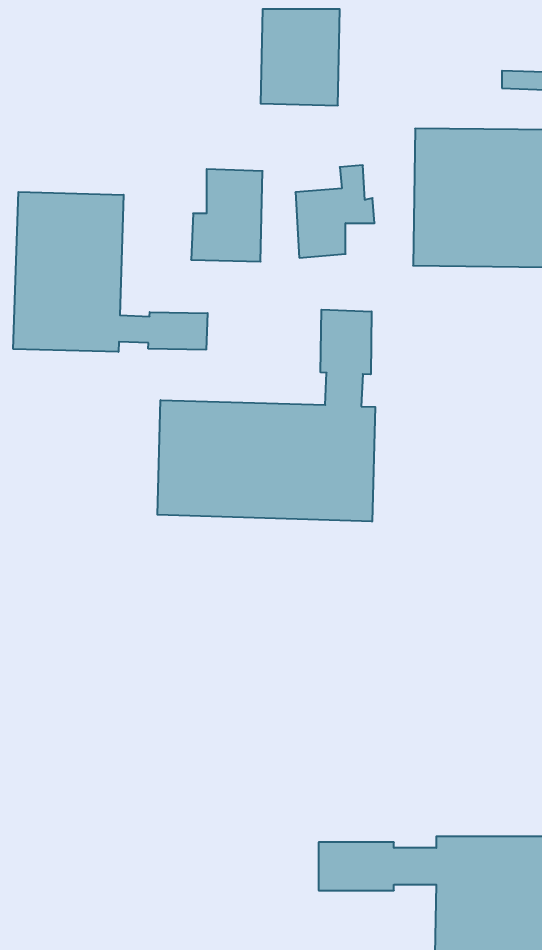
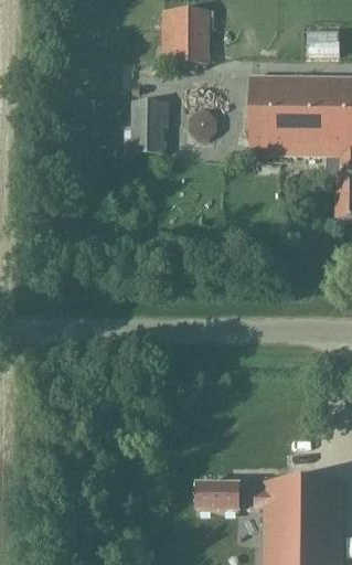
building: [13,192,208,352] -> none
building: [157,310,375,522] -> none

